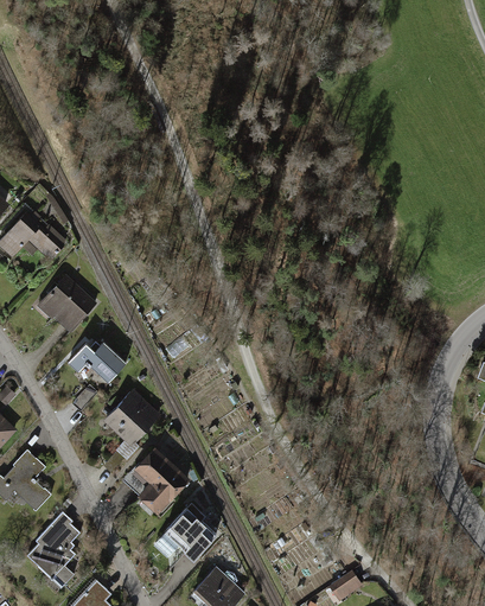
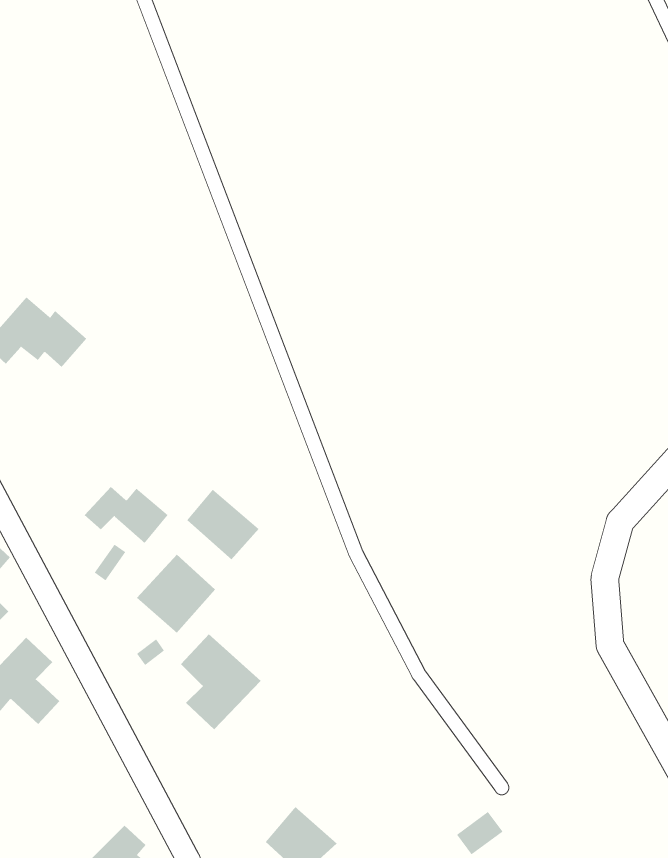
building: [38,278,96,336] -> none
building: none -> [186,489,259,560]
building: [165,508,217,560] -> none
building: [25,513,78,591] -> none

